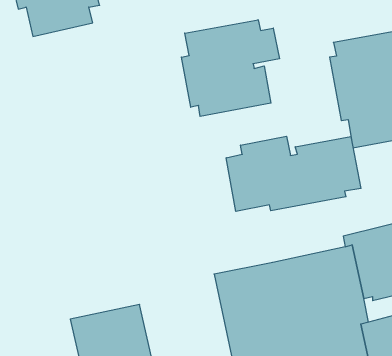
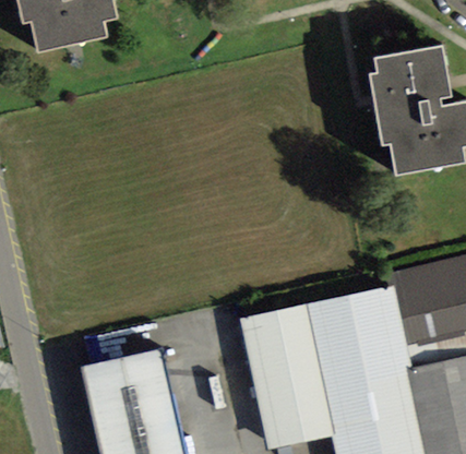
building: [181,20,279,116] -> none
building: [226,136,361,211] -> none

